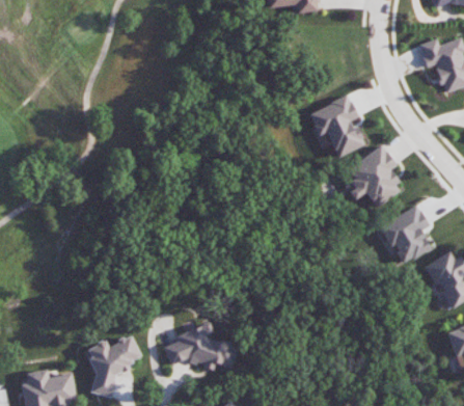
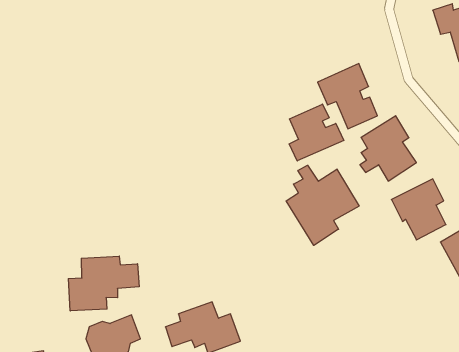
building: none -> [289,104,344,161]
building: none -> [286,165,359,245]
building: none -> [68,256,139,311]

